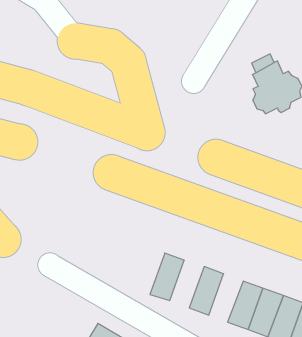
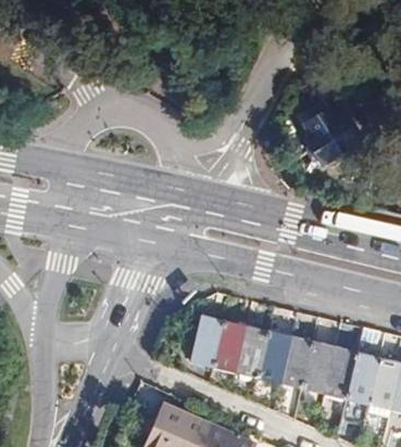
building: none -> [196,317,229,368]
building: none -> [240,328,273,378]
building: none -> [284,337,316,388]

